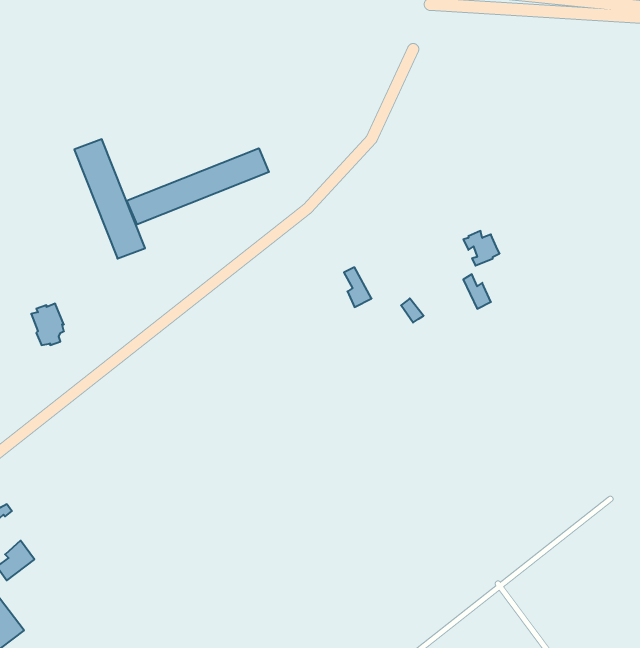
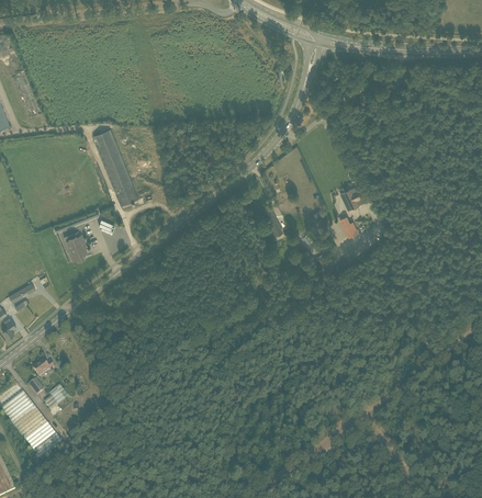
building: [127,148,269,224] -> none

